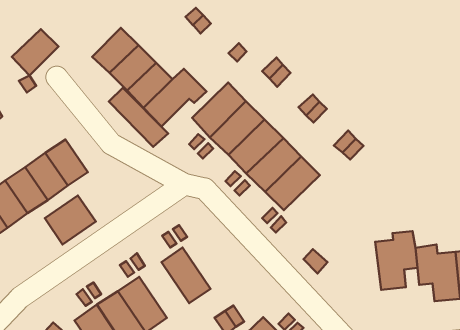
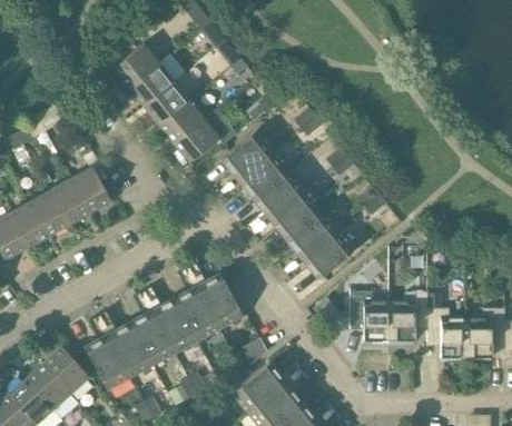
building: [12,29,58,75] -> [111,43,158,88]
building: [109,88,168,147] -> none
building: none -> [301,227,355,279]
building: [45,195,96,244] -> none
building: none -> [197,273,243,328]
building: none -> [349,291,388,346]
building: none -> [151,297,198,353]

